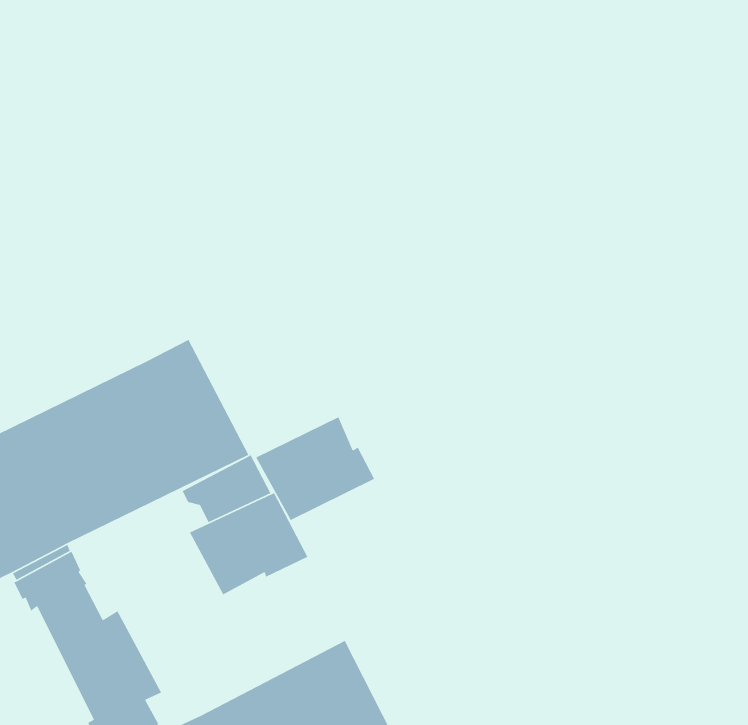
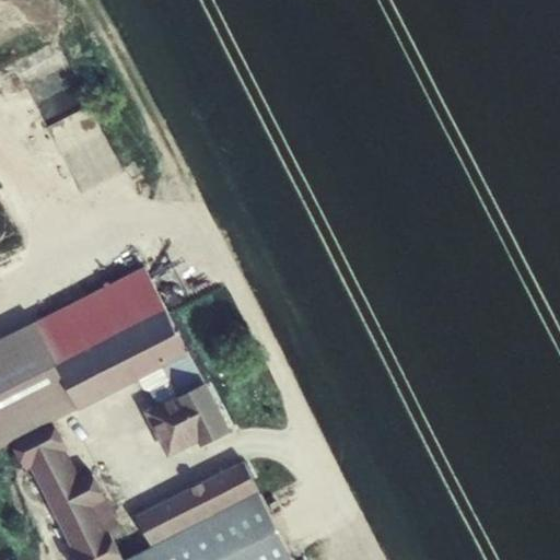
building: [255,416,375,521] -> none
building: none -> [135,460,257,547]

